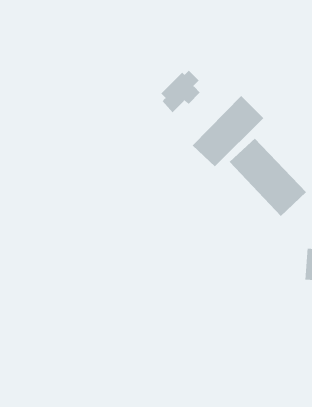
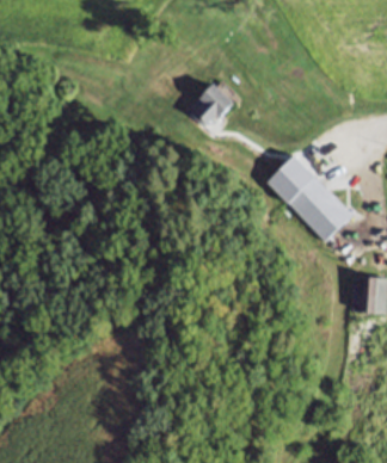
building: [192,95,264,167] -> none

